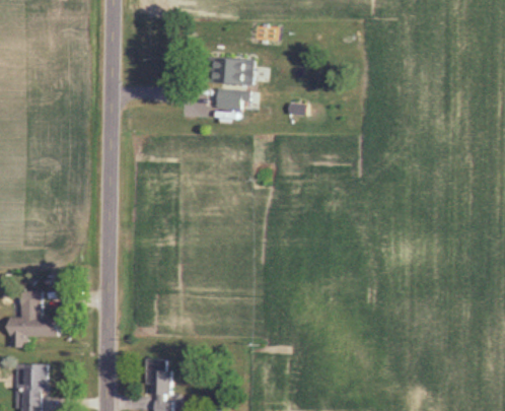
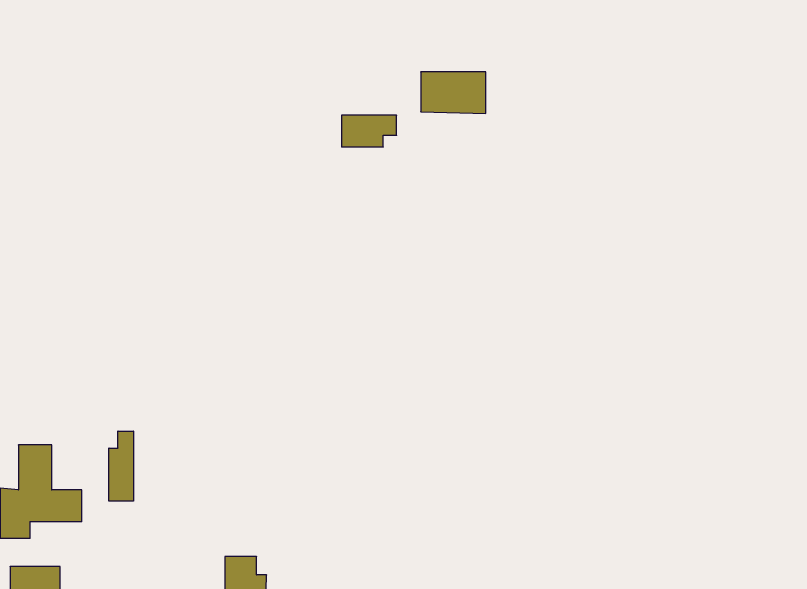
building: [215,59,255,84] -> [421,72,486,113]
building: none -> [109,431,133,501]

